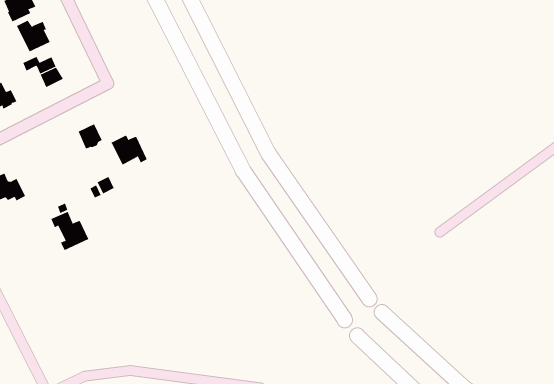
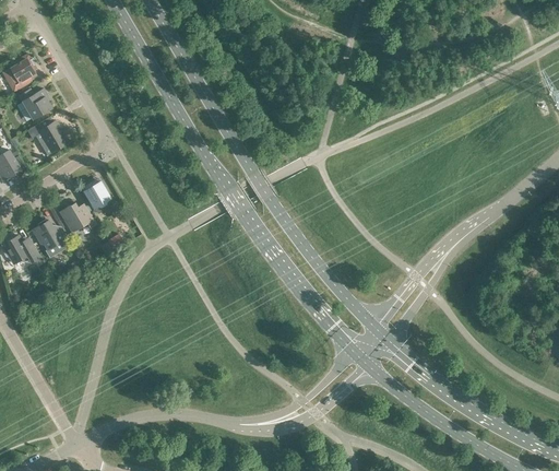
building: [109,134,148,166] -> [58,202,96,233]
building: [51,211,89,251] -> [32,221,70,259]

